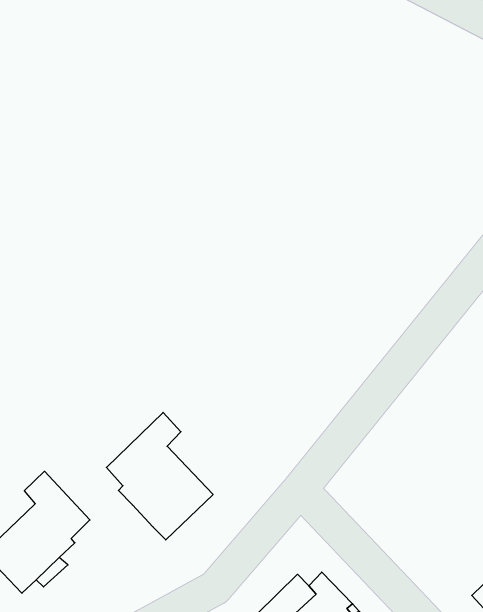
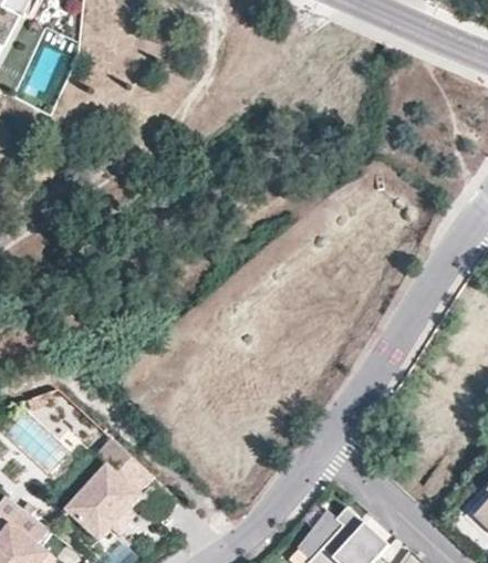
building: [106,412,213,540] -> none

